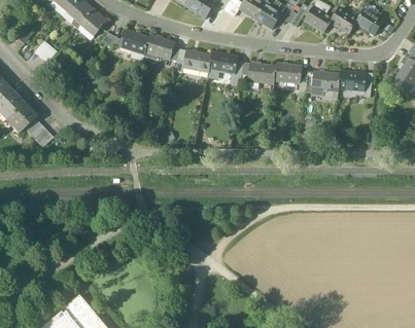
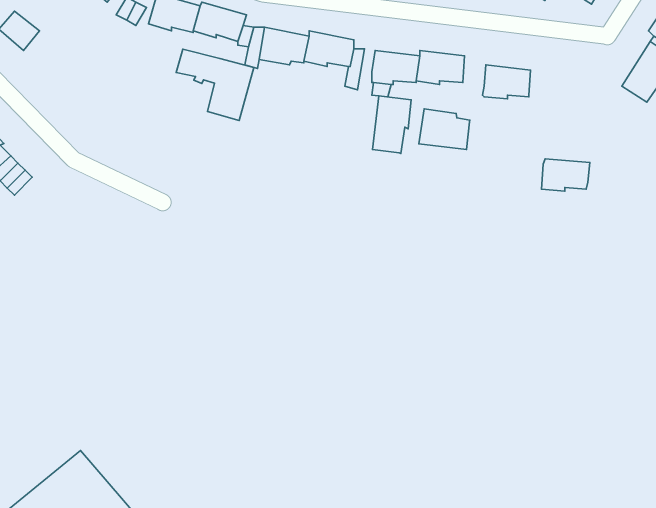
building: none -> [176,49,254,120]
building: [339,71,367,89] -> [542,159,590,191]
building: none -> [373,96,411,154]
building: none -> [419,109,470,150]

